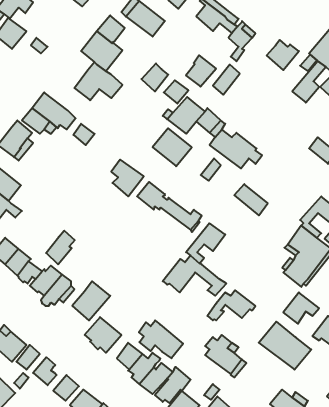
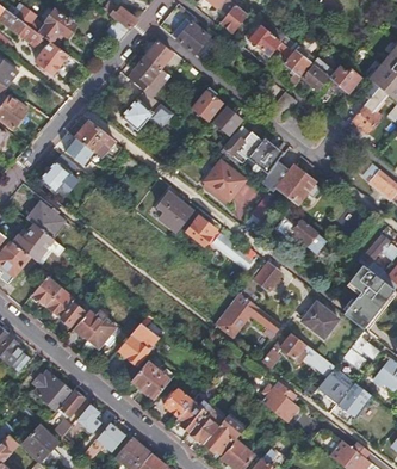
building: [186,55,216,87] -> [302,56,334,90]
building: [46,231,75,264] -> none
building: none -> [300,301,337,337]
building: [139,320,183,358] -> none

